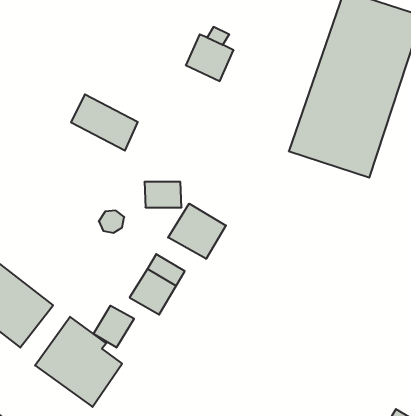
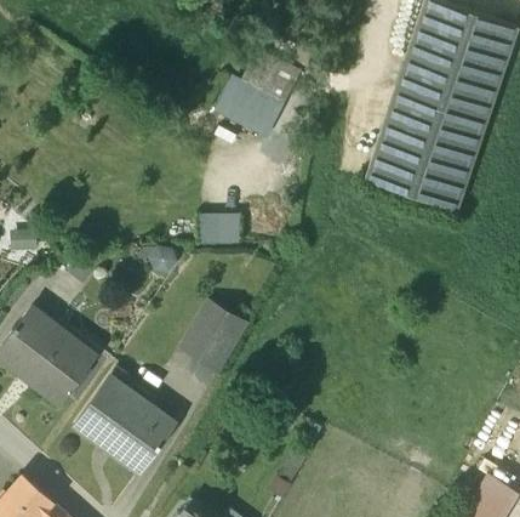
building: [71,94,138,151] -> [216,80,292,144]
building: [168,204,226,259] -> none
building: [94,306,134,348] -> none

